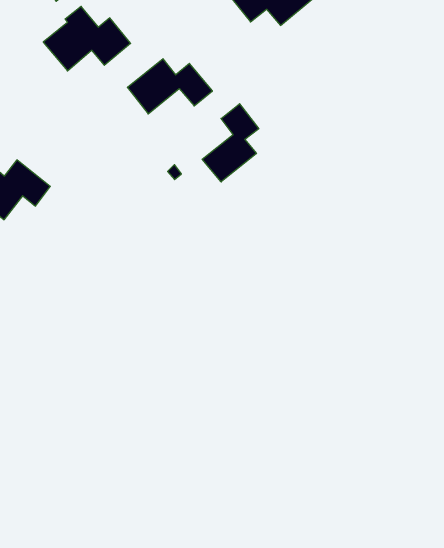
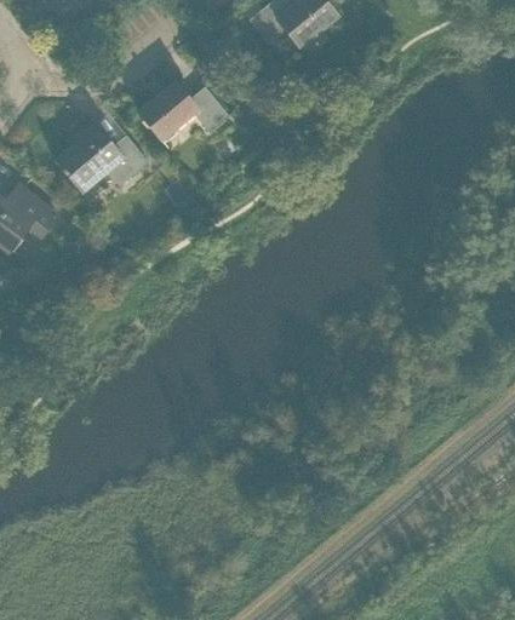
building: [43,6,131,71] -> [56,121,148,189]
building: [202,104,259,182] -> none

